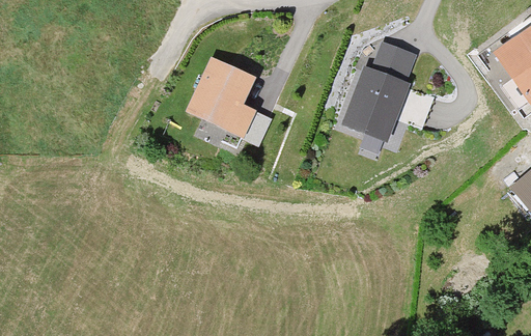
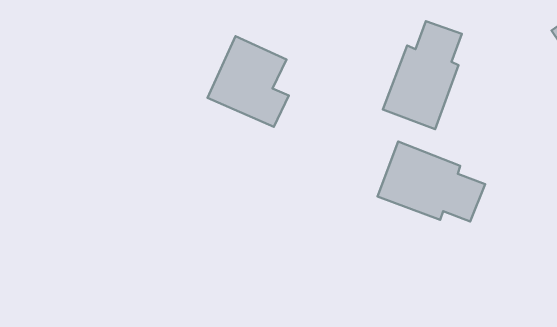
building: none -> [377,142,485,222]

